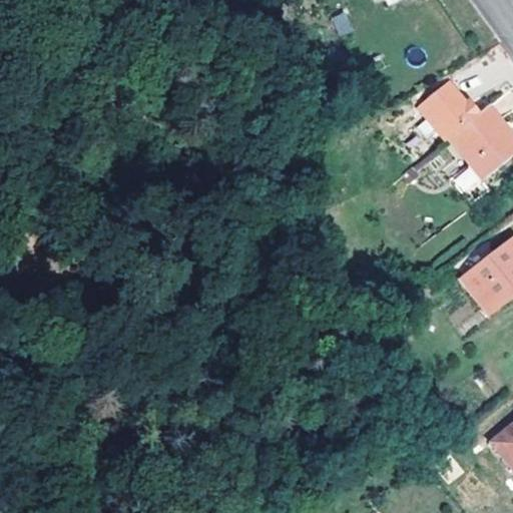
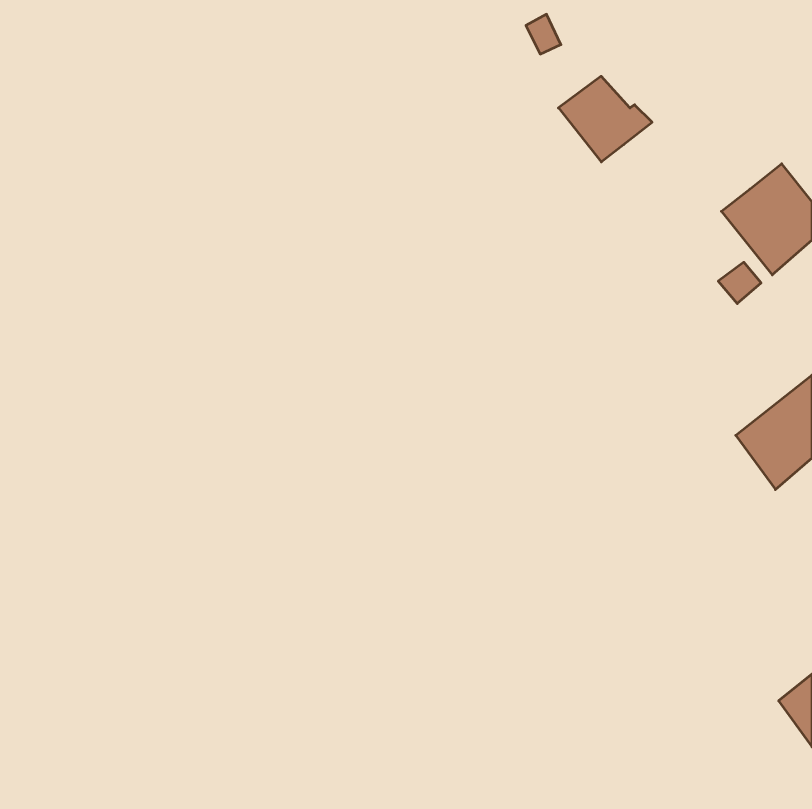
building: [414,90,473,144] -> [558,76,652,162]

